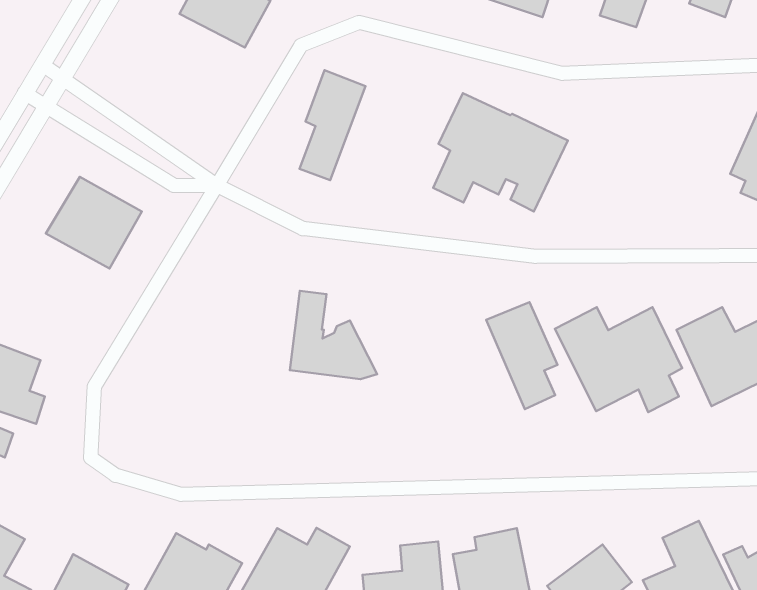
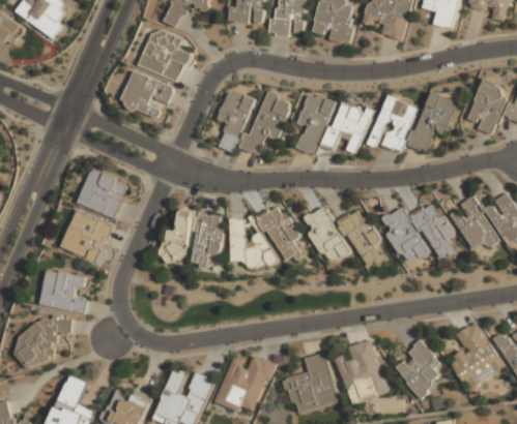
building: none -> [119,71,174,120]
building: none -> [243,90,292,155]
building: none -> [368,90,457,152]
building: none -> [61,211,113,262]
building: none -> [162,210,224,268]
building: none -> [254,202,301,262]
building: none -> [301,206,351,265]

